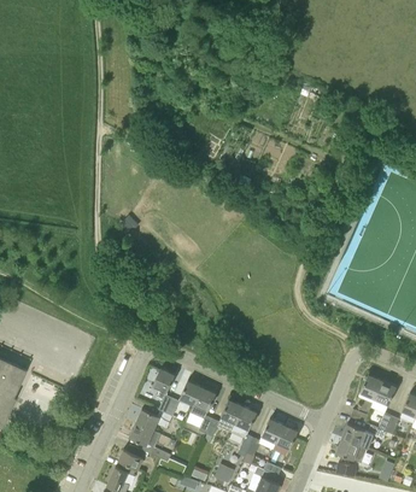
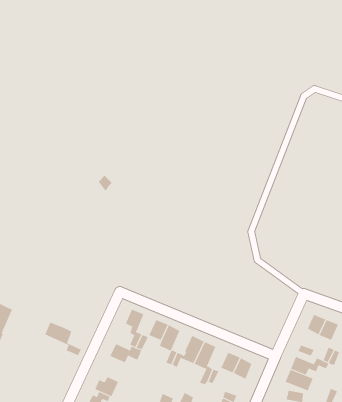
building: [129,423,171,462] -> [45,322,82,356]

